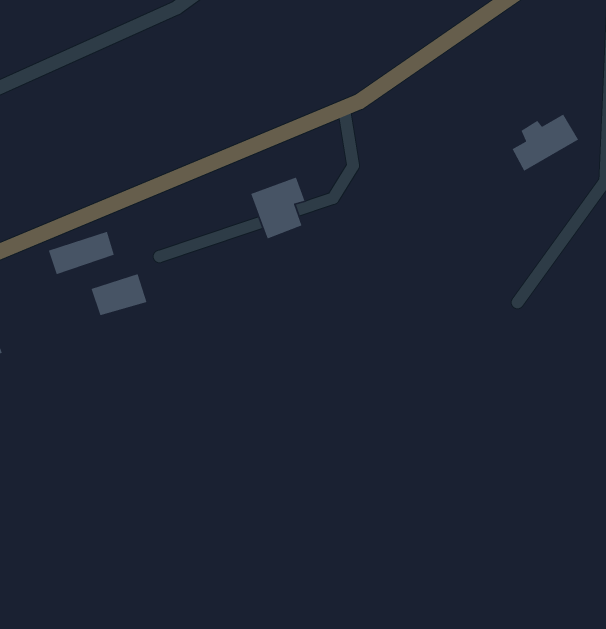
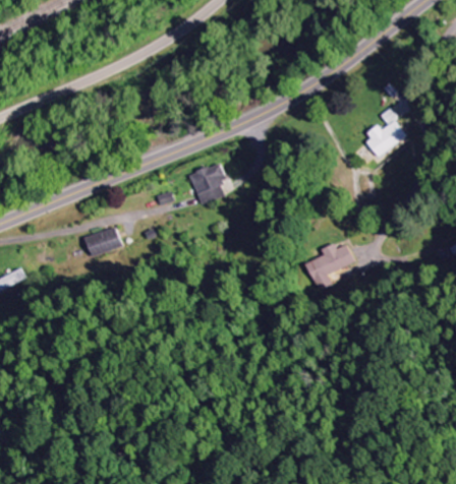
building: [48,231,115,275] -> none
building: none -> [304,243,354,290]

